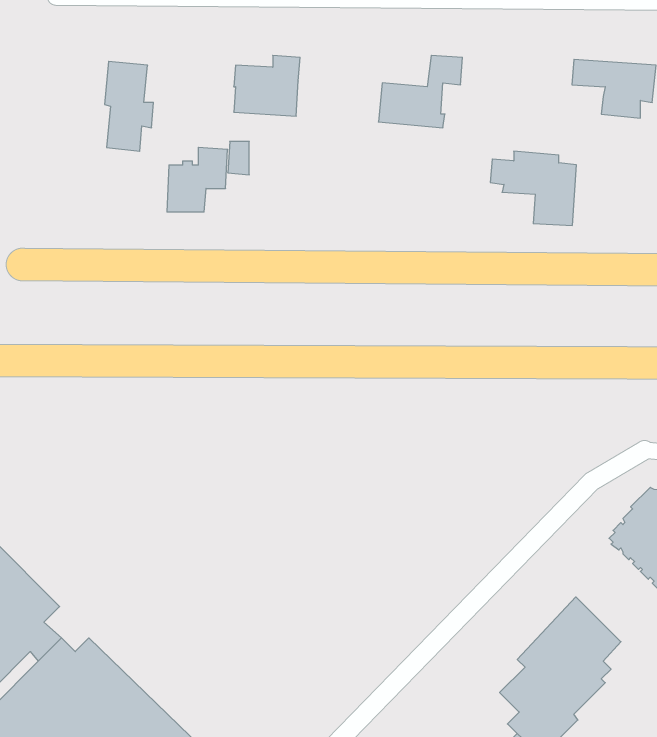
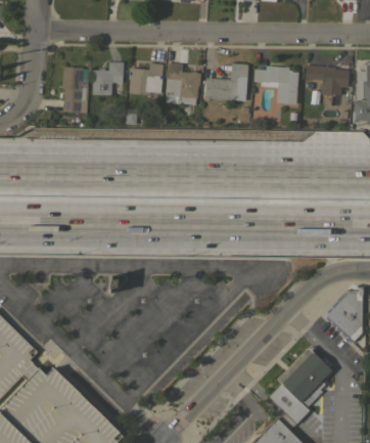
building: none -> [166,63,200,104]
building: [167,147,228,212] -> [92,61,124,95]
building: [490,151,576,225] -> [253,65,298,104]

